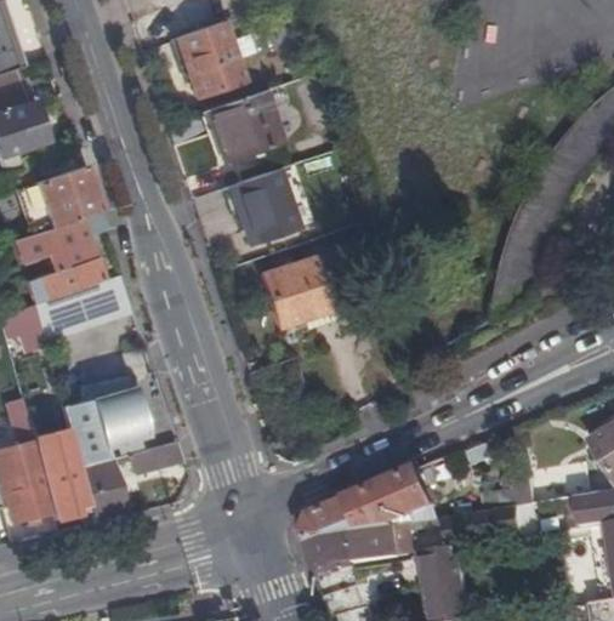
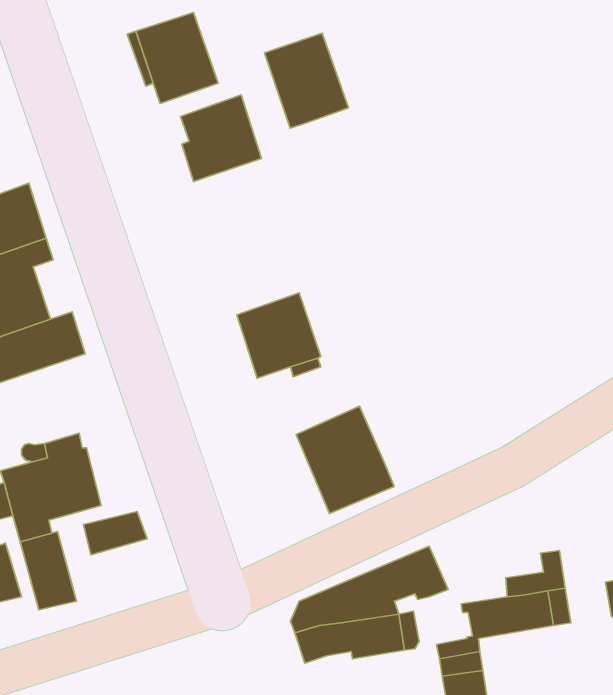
building: none -> [264,33,348,128]
building: [232,169,296,239] -> none
building: none -> [296,406,394,514]

